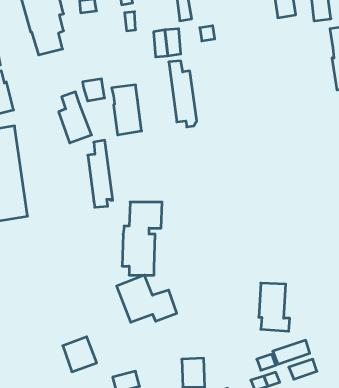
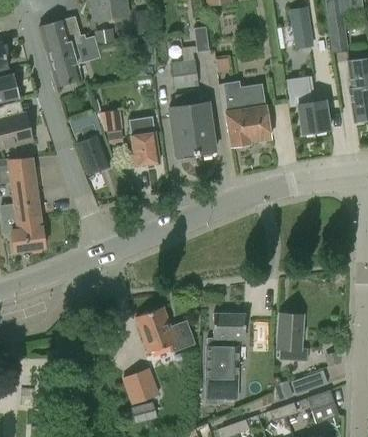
building: none -> [286,75,329,132]
building: none -> [222,79,269,149]
building: [88,140,113,207] -> [169,92,194,159]
building: [122,202,162,275] -> [205,313,245,386]
building: [63,337,97,372] -> [123,368,157,403]

